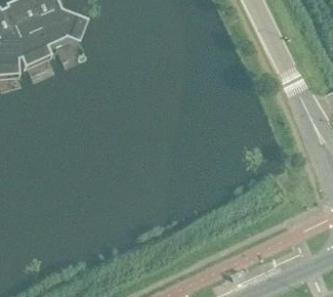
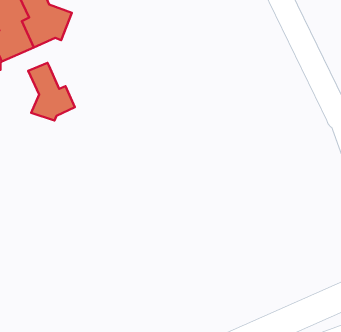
building: none -> [28,63,75,121]

